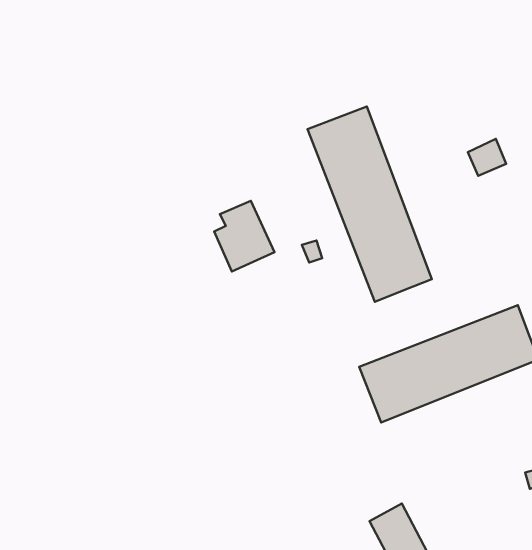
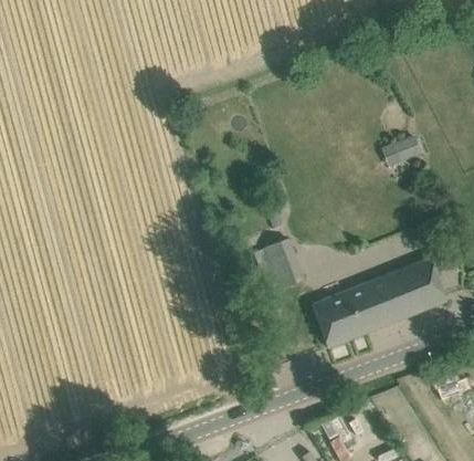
building: [308,106,432,302] -> none
building: [214,201,274,271] -> [259,240,304,293]

